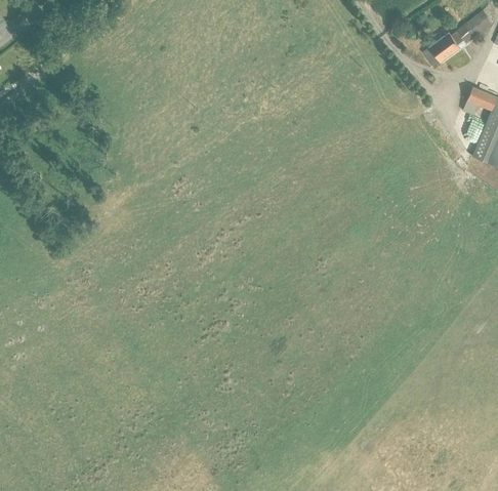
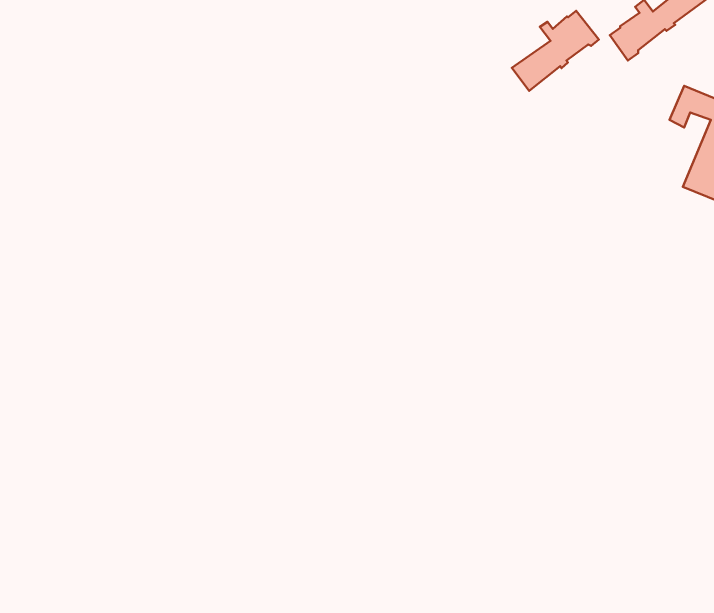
building: none -> [512,11,599,91]

